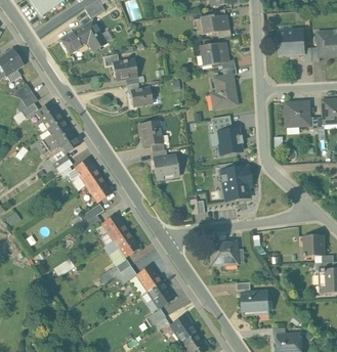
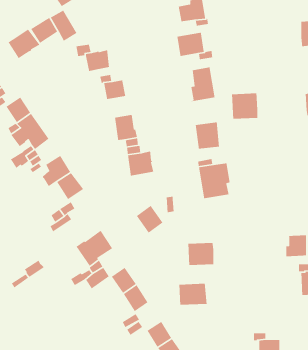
building: [278,29,304,55] -> none
building: none -> [7,29,41,59]
building: [285,100,310,126] -> [231,93,258,120]
building: [101,213,128,240] -> [136,205,164,234]
building: [241,292,268,313] -> [179,283,208,306]

